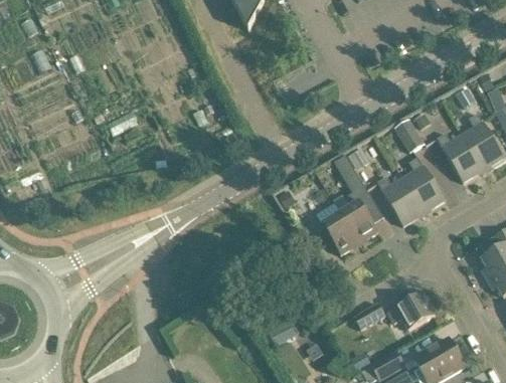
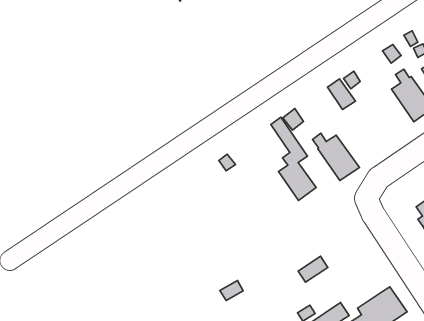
building: [436,133,484,182] -> none
building: [402,156,446,213] -> none
building: [321,212,359,254] -> none
building: [388,292,435,330] -> none

